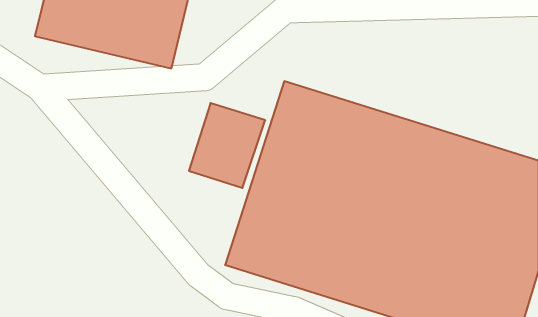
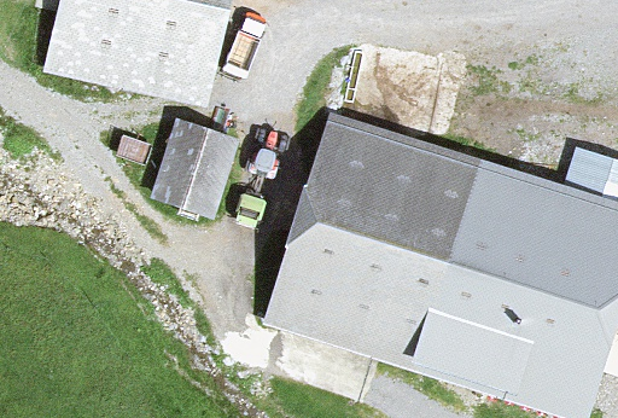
building: [189,103,265,188] -> [152,120,238,215]

